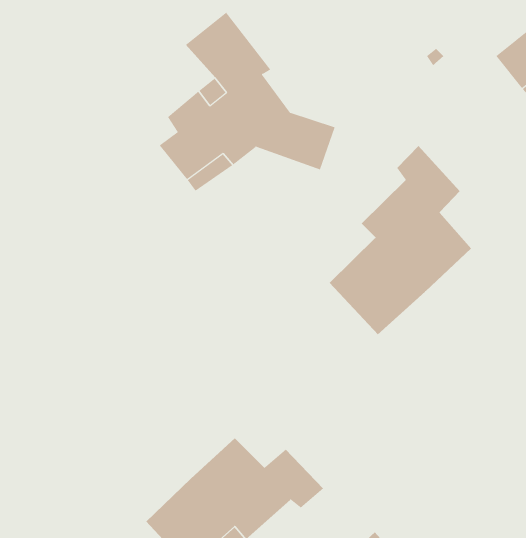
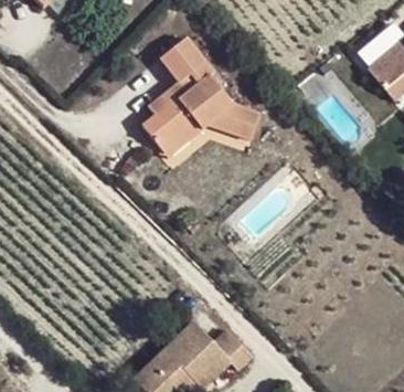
building: [329,145,472,335] -> none

